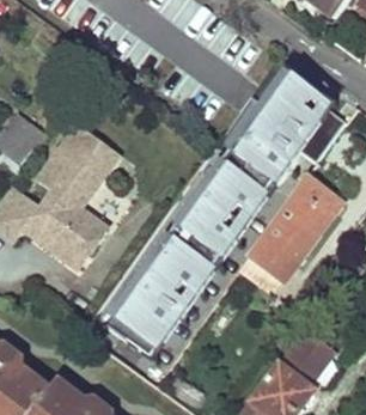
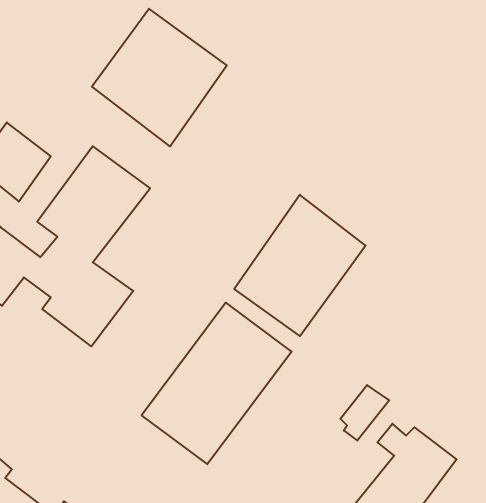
building: none -> [92,9,227,146]
building: [230,73,335,185] -> none
building: [248,176,340,280] -> none

